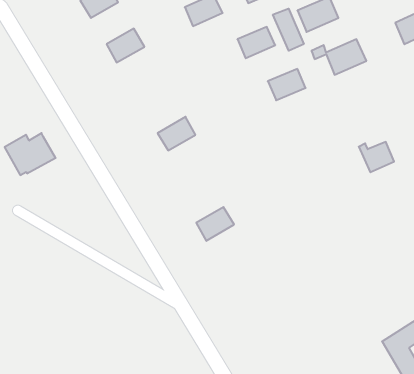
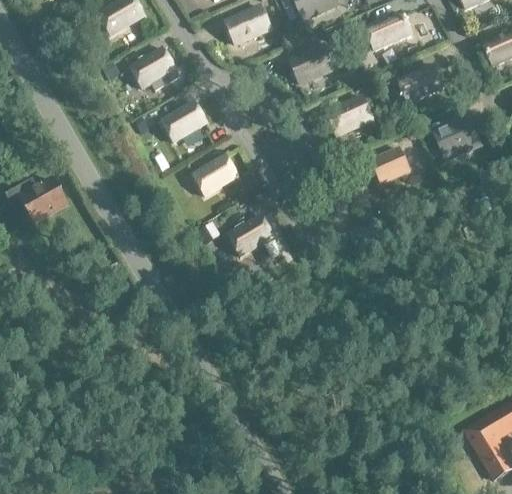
building: [273,9,304,51] -> none
building: none -> [162,101,208,142]
building: none -> [365,147,410,183]
building: [359,142,394,172] -> [432,119,475,156]
building: [196,207,234,241] -> [229,215,275,256]

